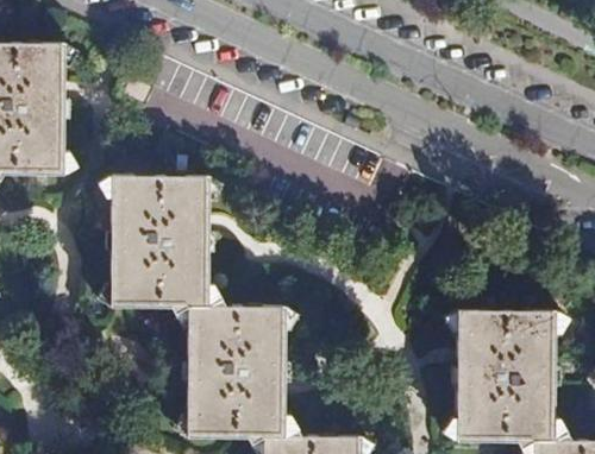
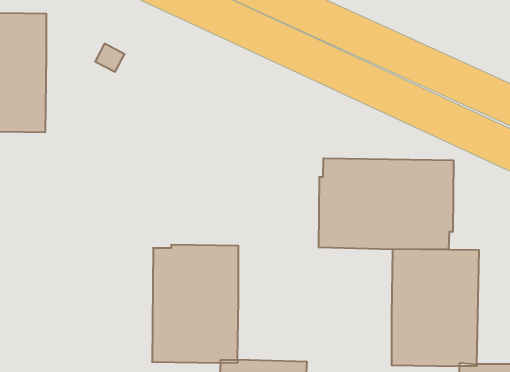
building: [111,176,207,308] -> none
building: none -> [319,158,453,250]

